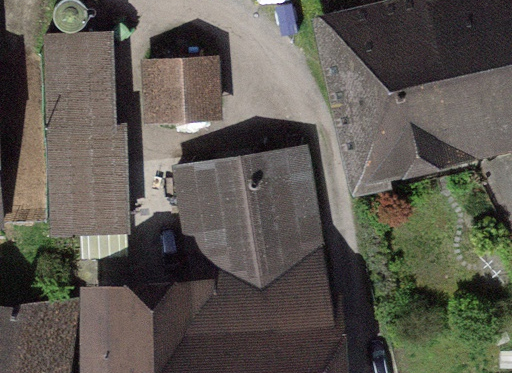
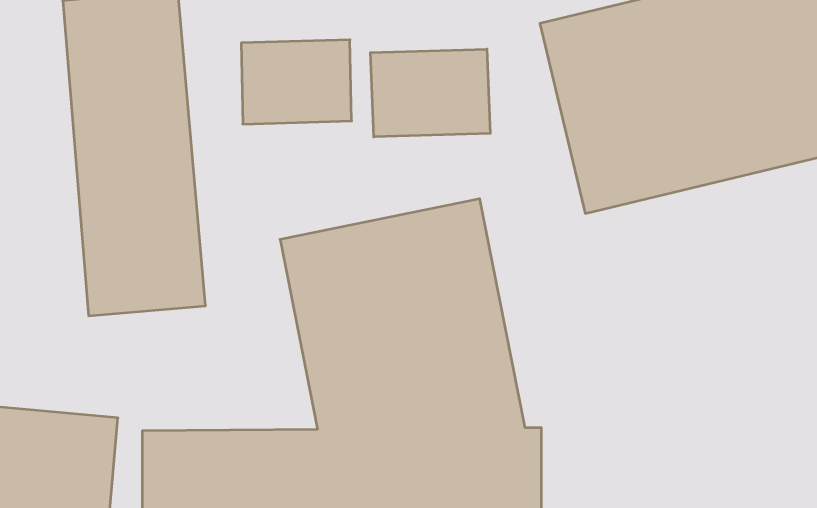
building: none -> [370,49,490,137]

